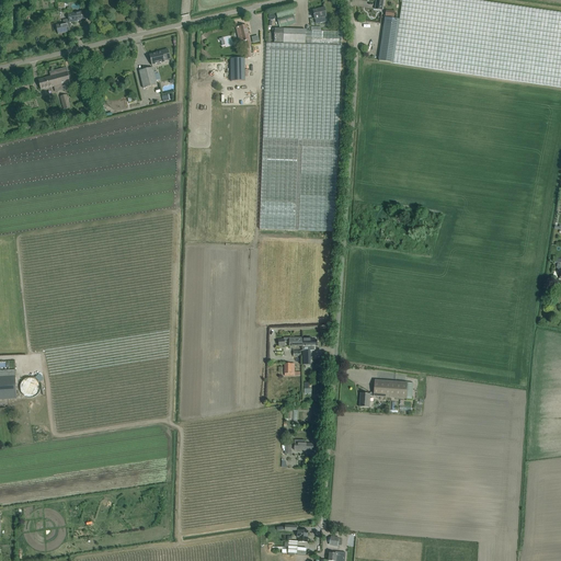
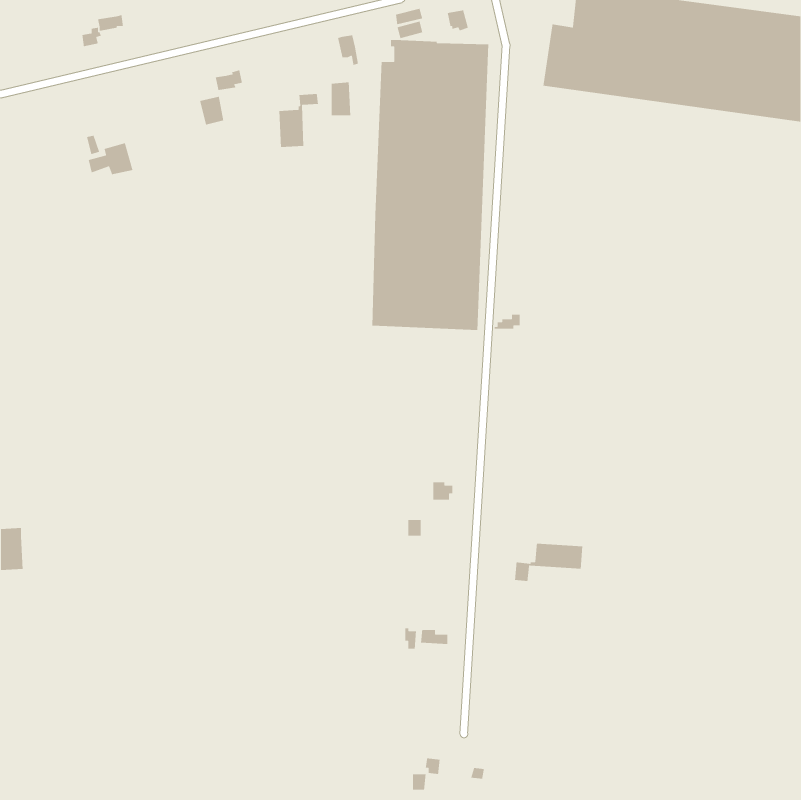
building: none -> [279,93,319,148]
building: [39,67,71,90] -> [88,142,133,175]

